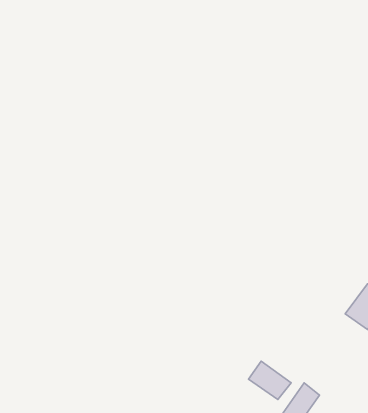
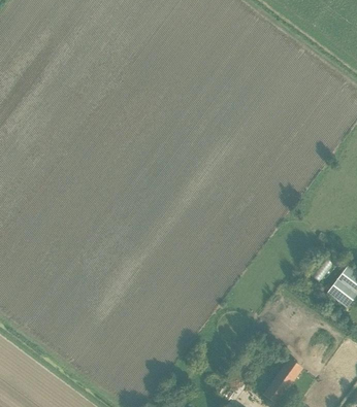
building: [248,361,291,400] -> none

